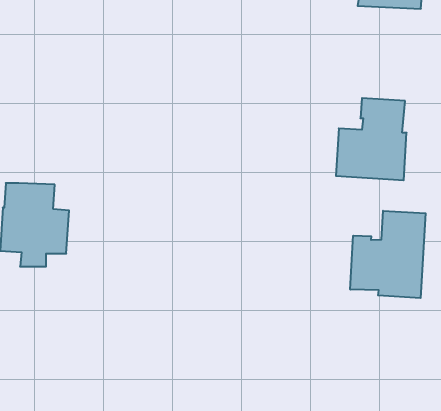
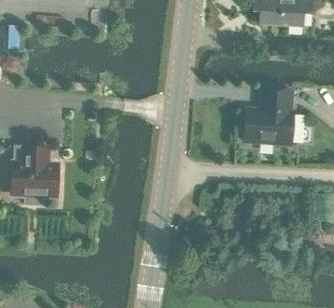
building: [350,211,426,298] -> none

